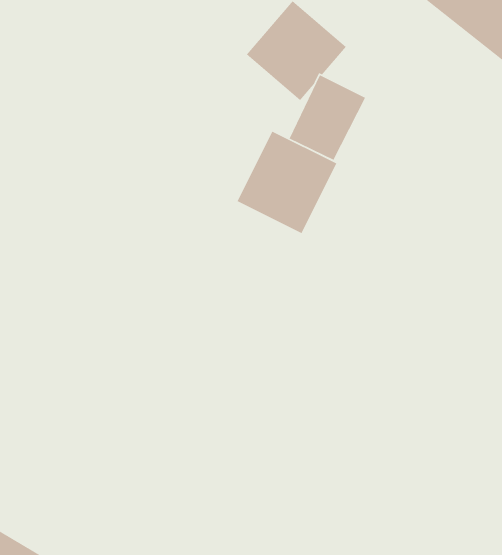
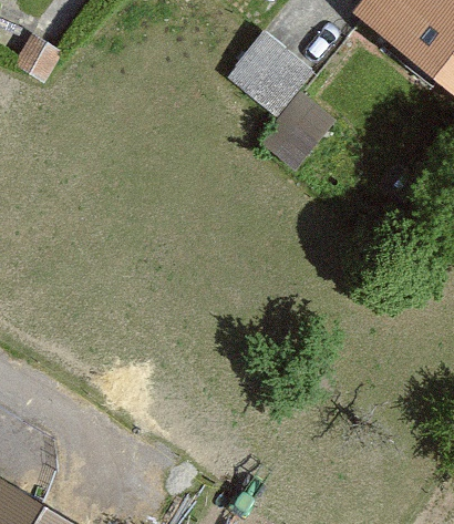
building: [236,131,337,234] -> none

